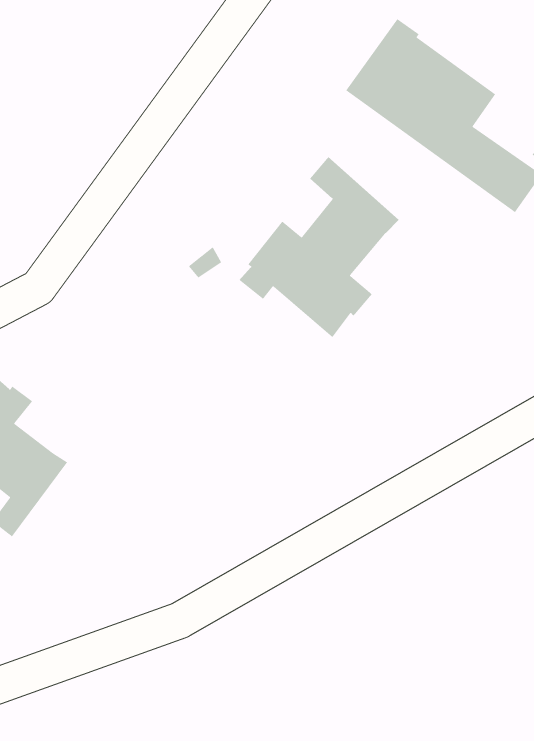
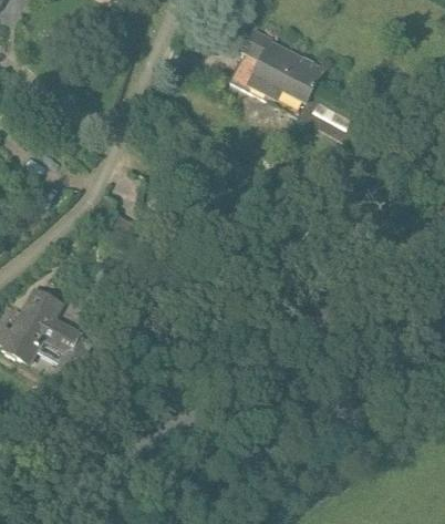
building: [239,156,400,338] -> none

